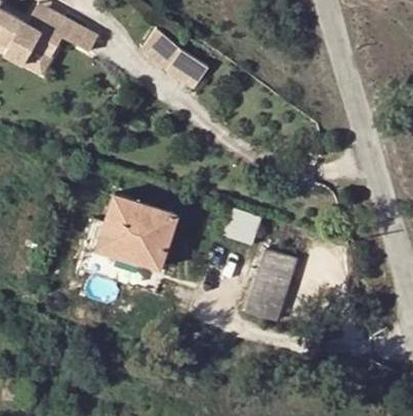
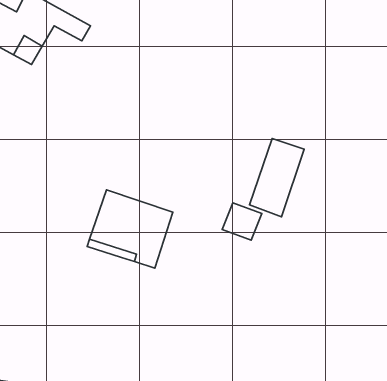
building: [142,28,203,86] -> none
building: [246,249,298,323] -> [250,138,304,217]

